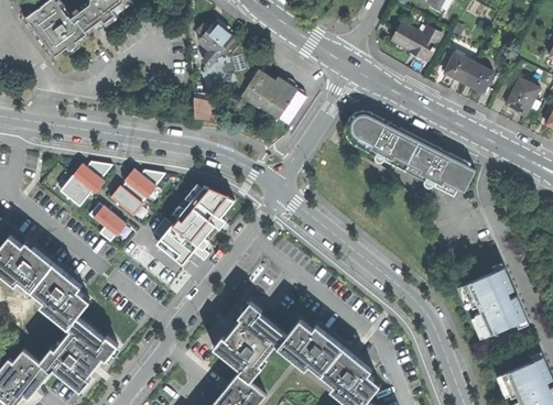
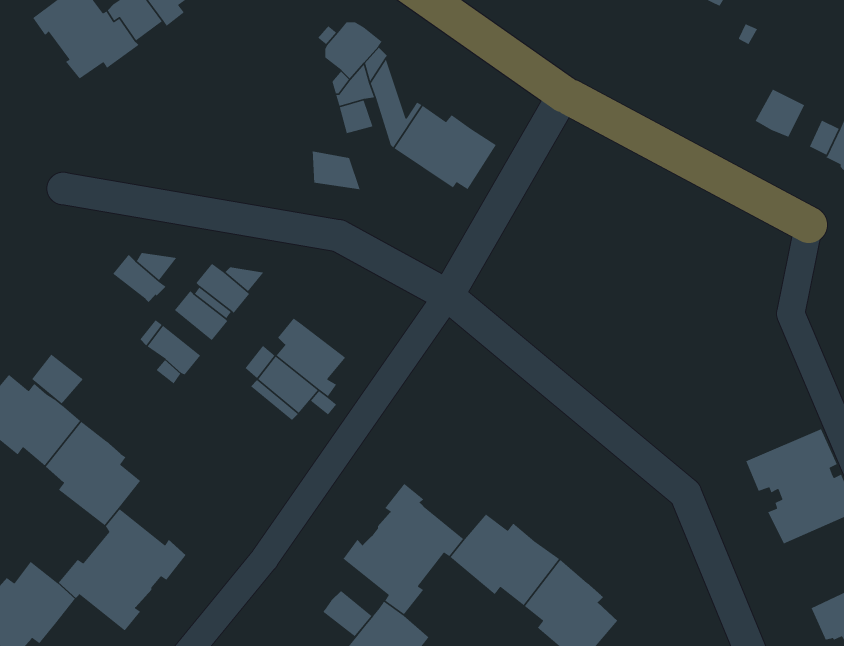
building: [393,23,442,59] -> none
building: [444,53,474,83] -> none
building: [345,111,475,193] -> none
building: [61,175,93,206] -> [31,354,84,404]
building: [185,184,235,230] -> none
building: none -> [322,590,372,637]

